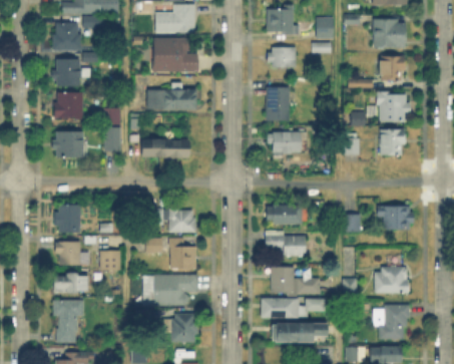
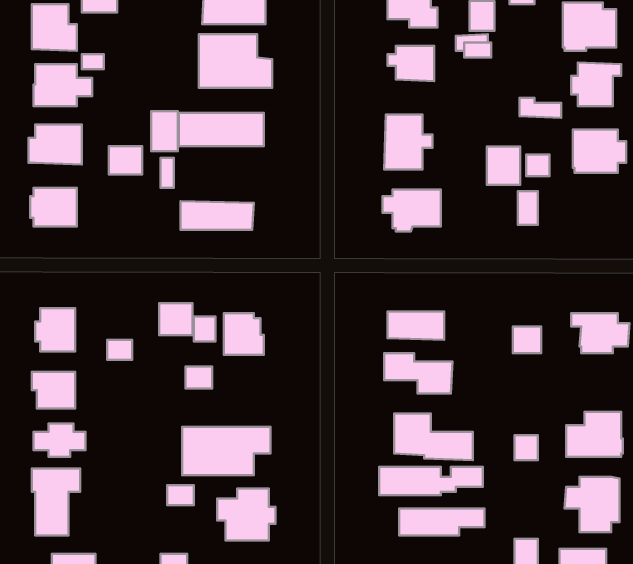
building: [105,127,121,151] -> [151,111,178,151]
building: [382,130,402,153] -> [487,146,520,185]
building: [170,239,196,269] -> none
building: [100,251,120,270] -> [159,303,193,335]

